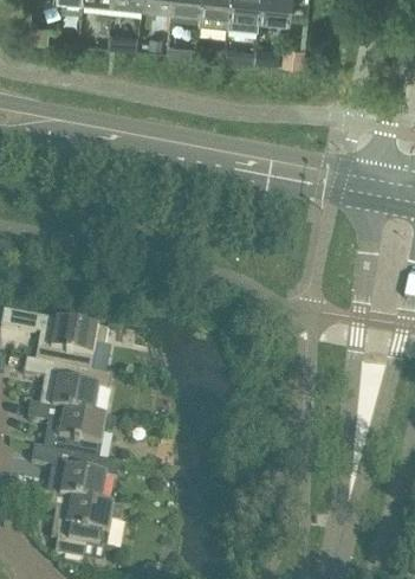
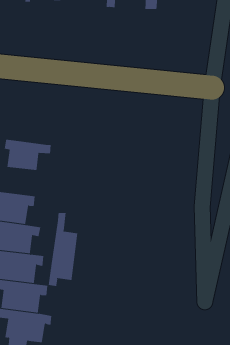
building: none -> [4,139,51,171]
building: none -> [48,212,78,287]

